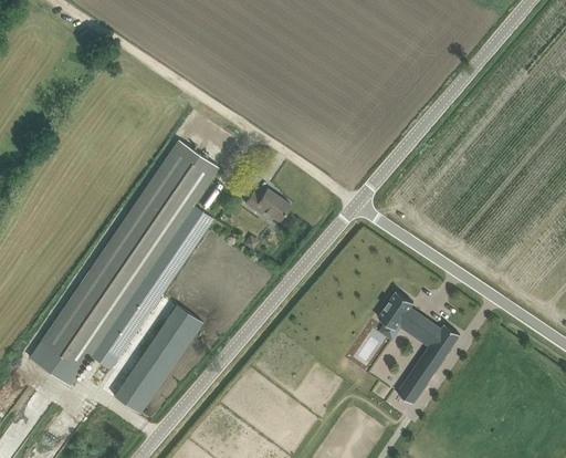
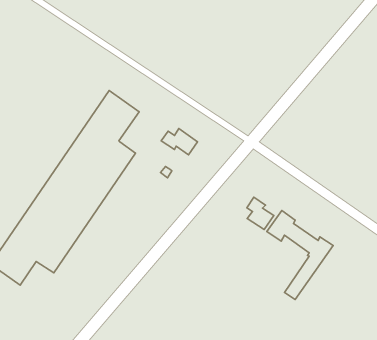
building: none -> [247,197,274,229]
building: [114,304,201,414] -> none

